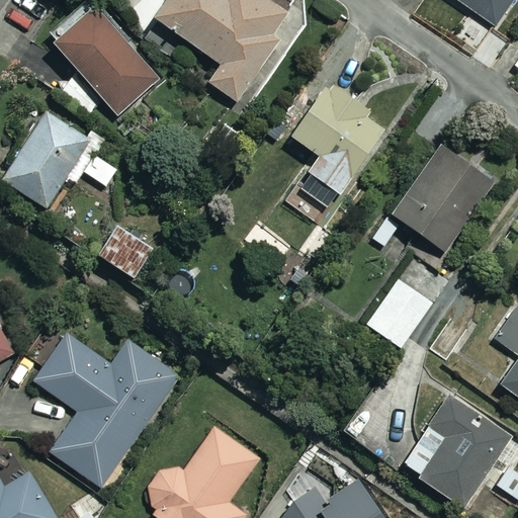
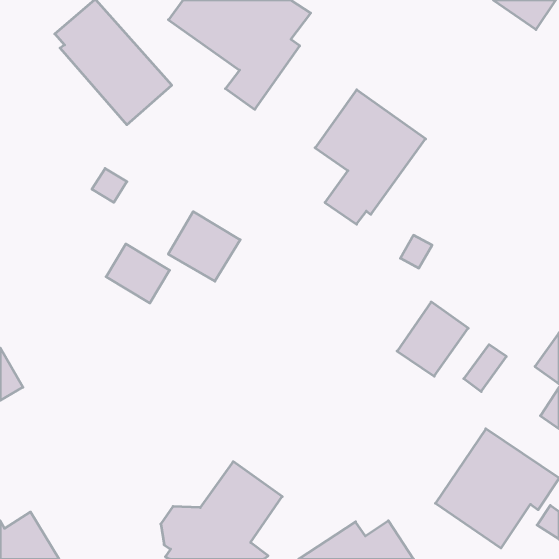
building: [4,113,90,207] -> none
building: [393,147,493,251] -> none
building: none -> [168,212,240,281]
building: [35,335,178,486] -> none

